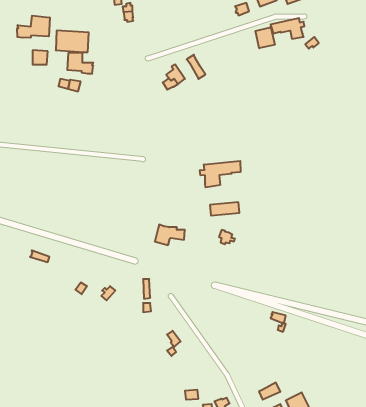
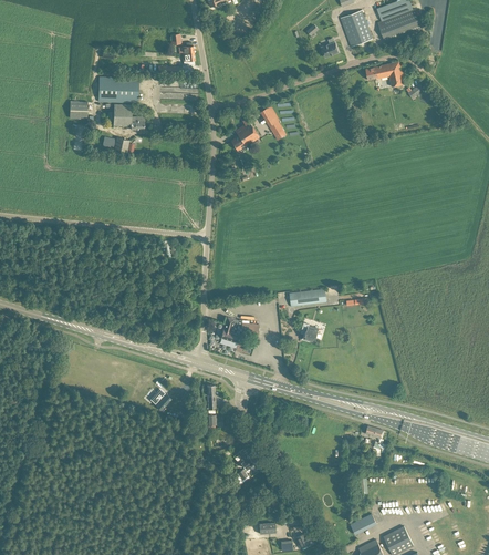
building: [17,16,50,38] -> none
building: [255,27,275,48] -> none
building: [200,161,240,187] -> none

